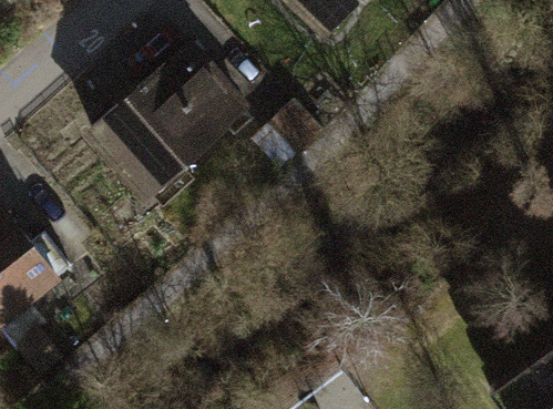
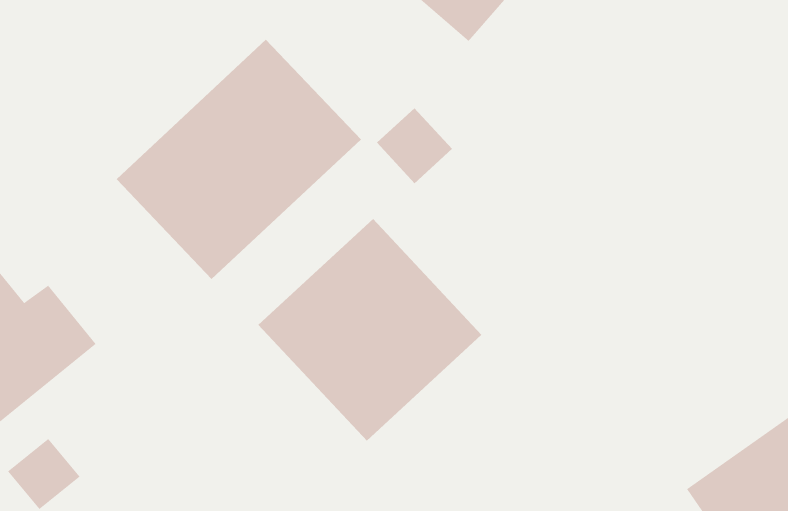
building: none -> [258,218,482,442]

